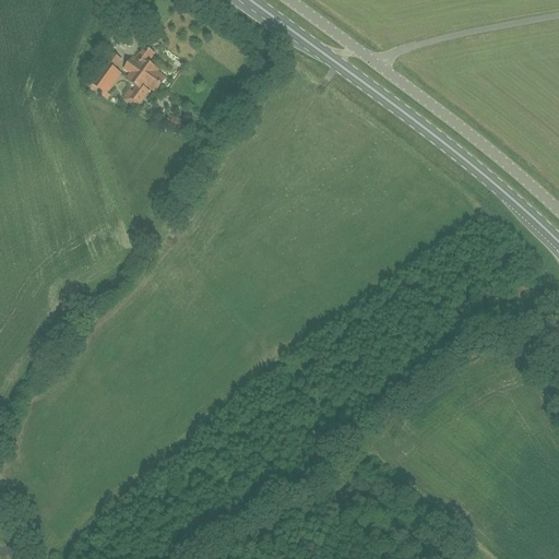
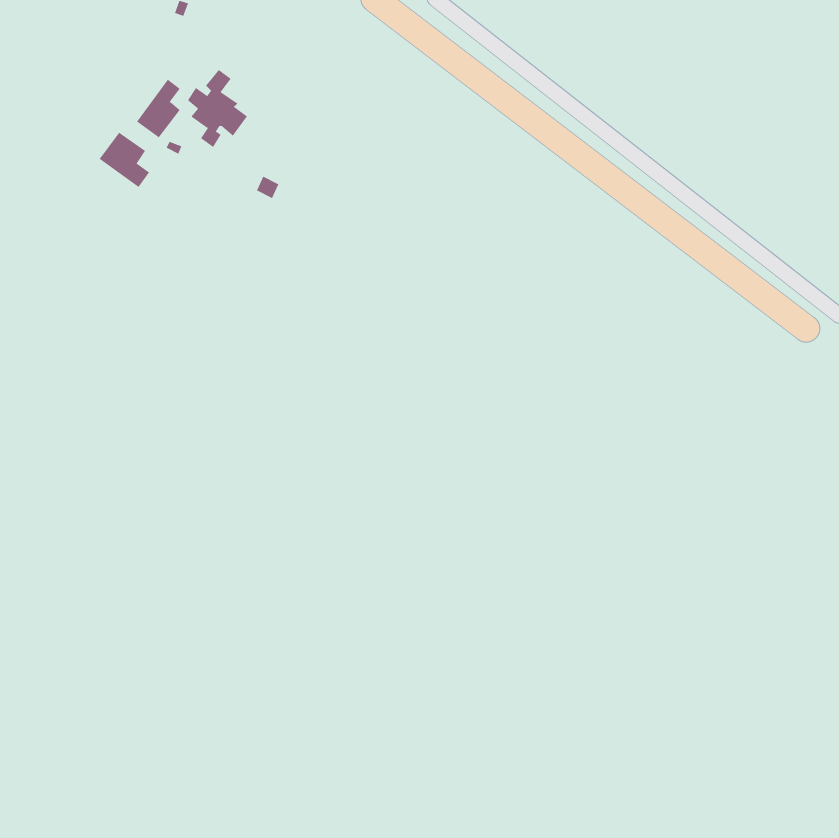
building: none -> [99,132,150,188]

